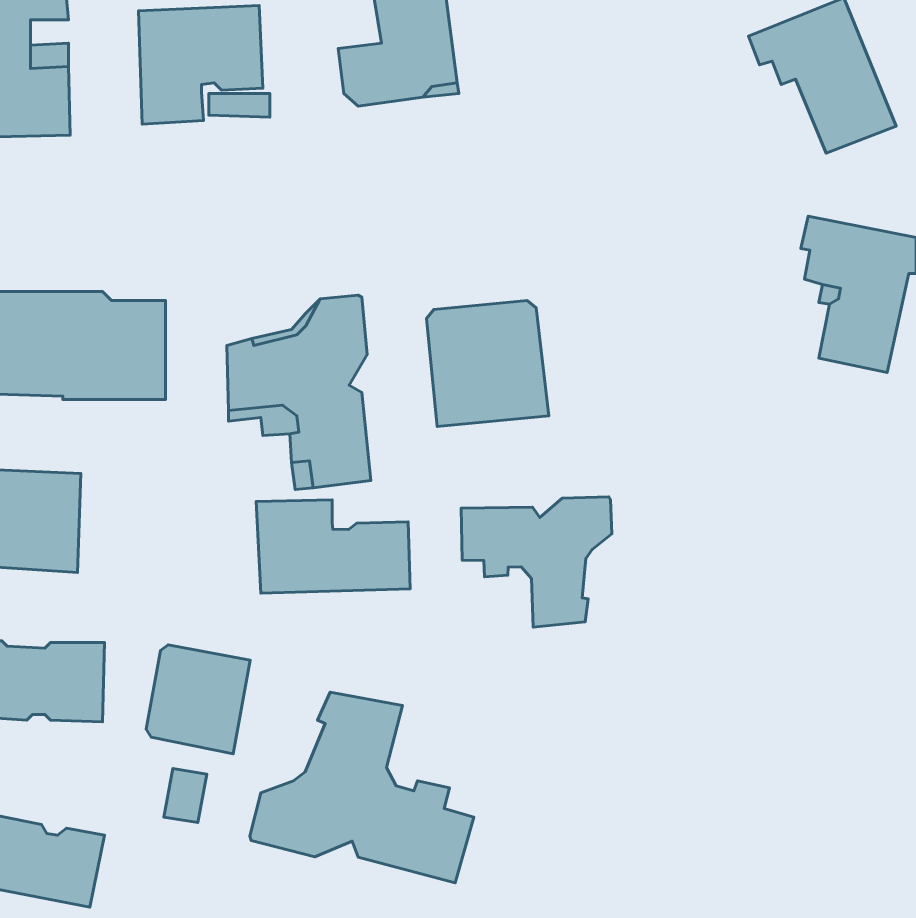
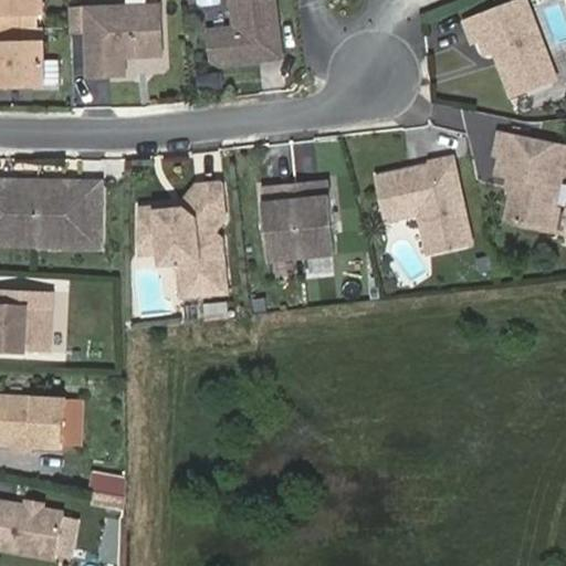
building: none -> [378,161,471,255]
building: [461,497,612,627] -> none
building: [256,500,410,593] -> none
building: [146,645,250,754] -> none
building: [250,692,474,883] -> none

